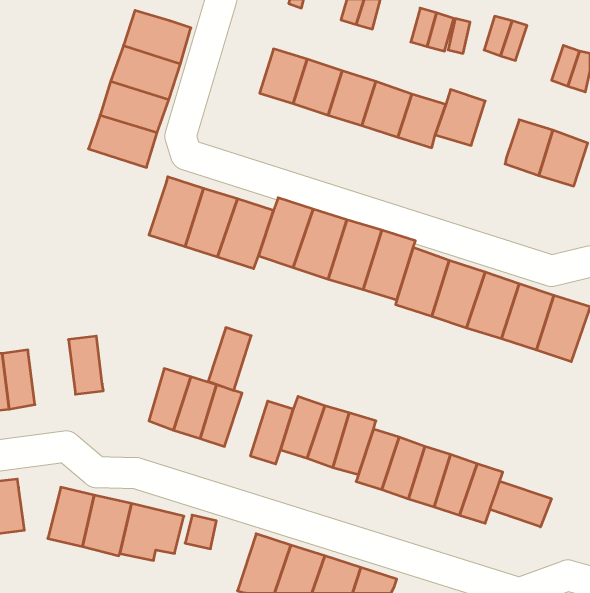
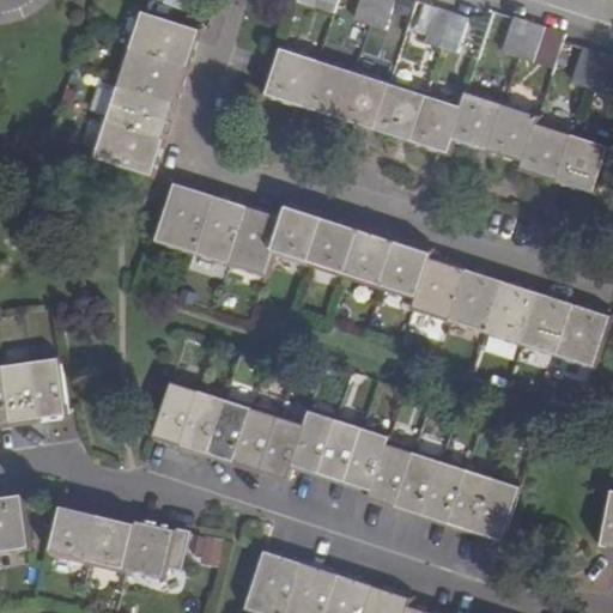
building: none -> [485,104,536,163]
building: [208,328,251,390] -> [231,405,275,469]
building: [68,336,103,394] -> [29,357,65,417]
building: [490,481,551,527] -> none

